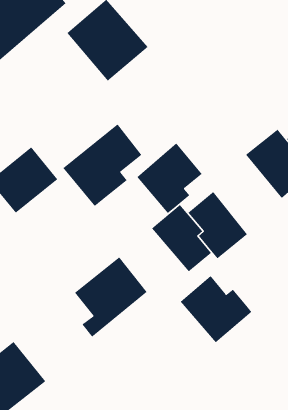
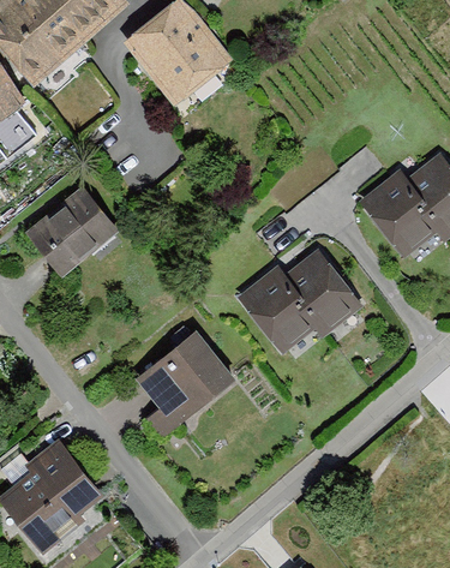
building: [62,124,142,207] -> none
building: [137,143,203,214] -> none
building: [180,275,252,343] -> none

